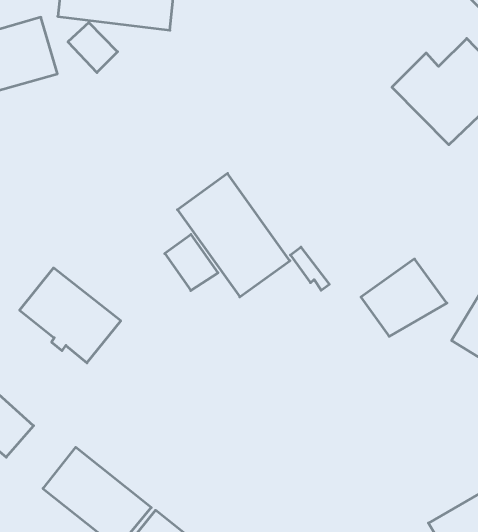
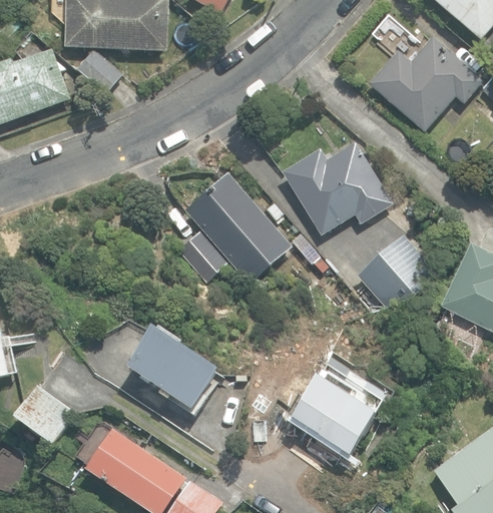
building: none -> [282,142,391,234]
building: [20,268,121,363] -> [128,327,219,409]
building: none -> [293,358,389,455]

